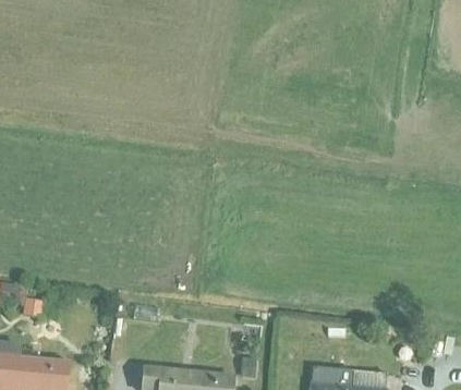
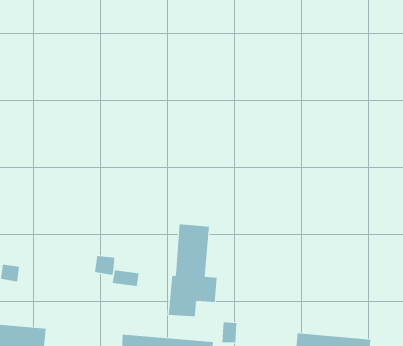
building: none -> [168,224,217,317]

